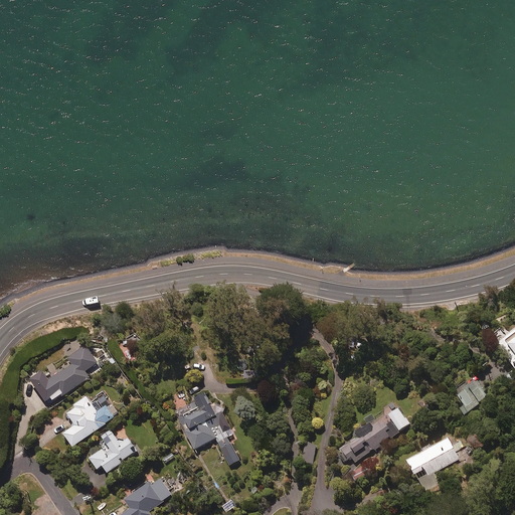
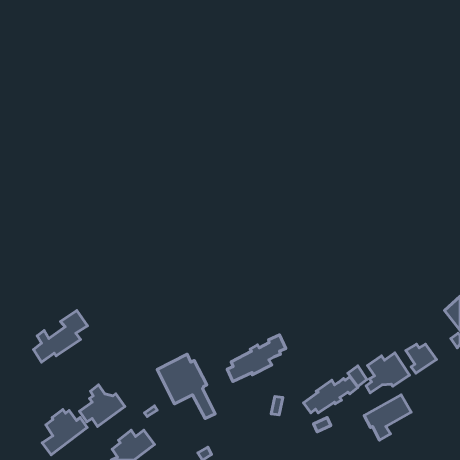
building: none -> [227,335,286,382]
building: none -> [366,353,409,393]
building: [63,396,114,447] -> [42,409,87,455]

